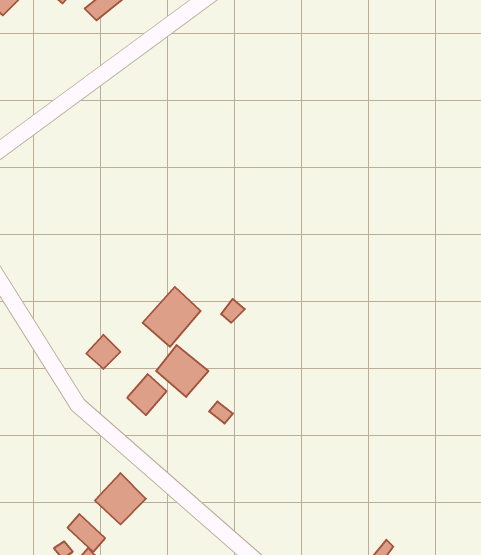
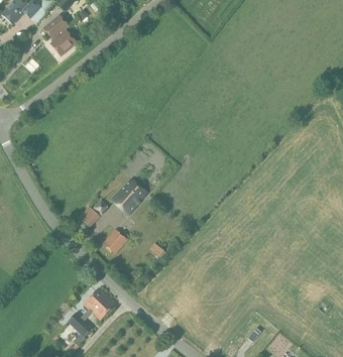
building: none -> [43,16,76,55]
building: [156,345,208,397] -> none

